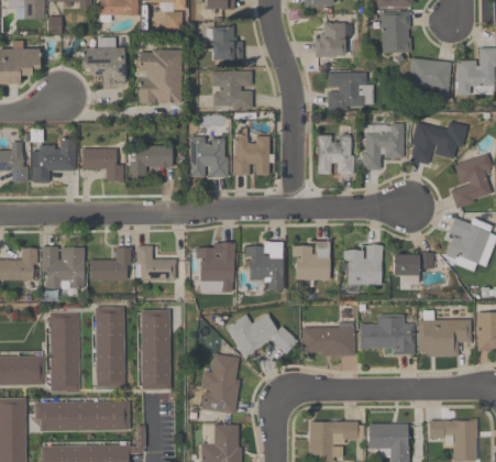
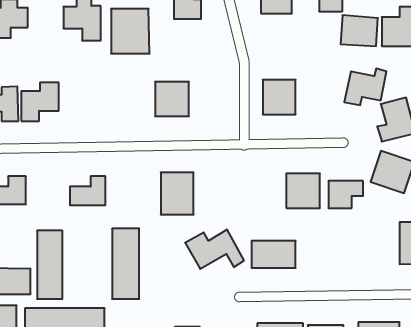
building: [211,70,253,109] -> none
building: [327,72,374,110] -> none
building: [362,124,404,170] -> none
building: [232,135,271,176] -> none
building: [129,145,173,178] -> none
building: [81,148,123,180] -> none
building: [243,241,284,290] -> none
building: [291,241,330,280] -> none
building: [42,245,84,289] -> none
building: [135,245,176,279] -> none
building: [96,307,125,388] -> none
building: [419,311,471,356] -> none
building: [360,315,415,355] -> none
building: [199,354,241,414] -> none

